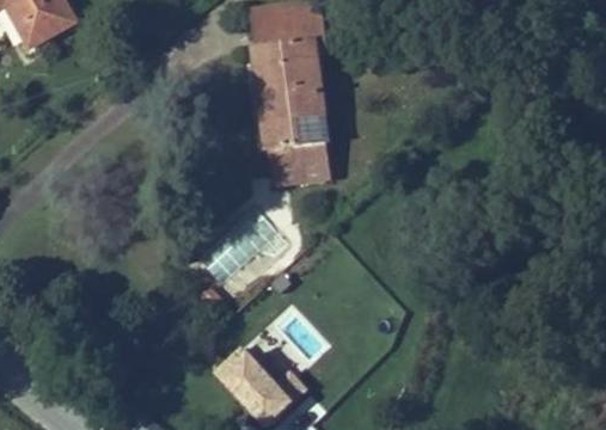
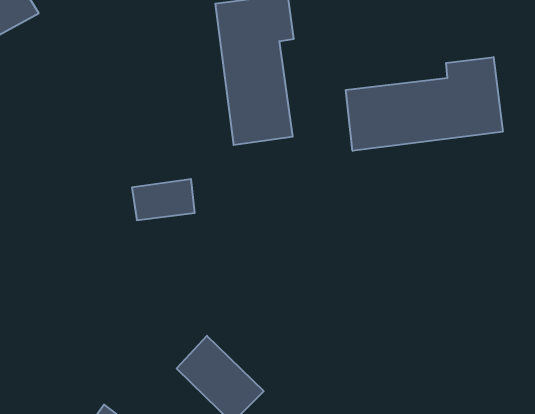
building: none -> [346,57,503,151]
building: [268,145,330,185] -> [132,179,195,220]

